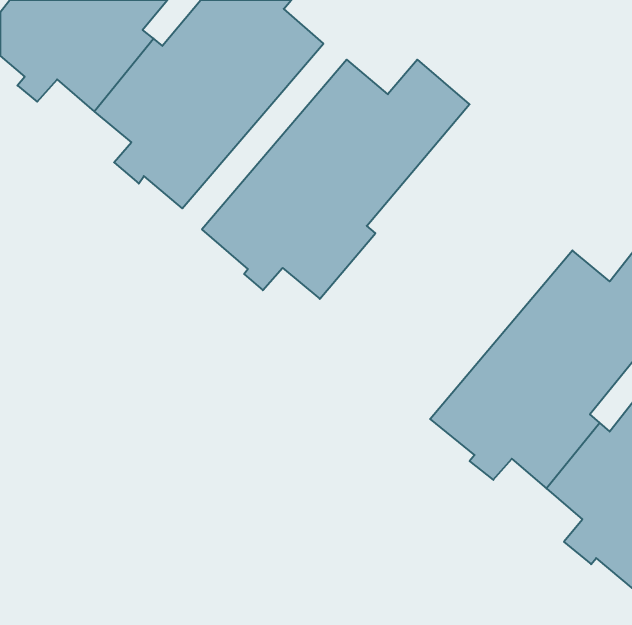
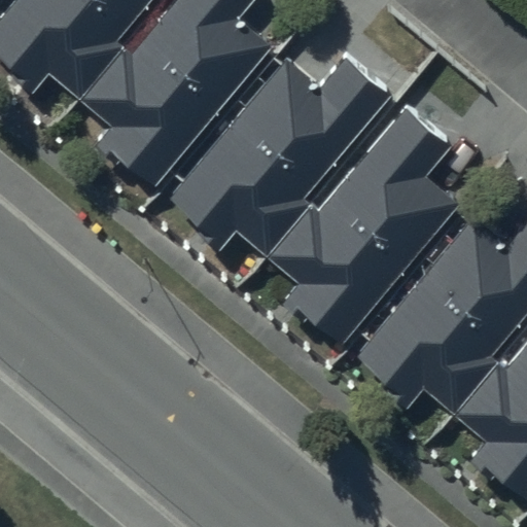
building: none -> [267,108,460,343]

